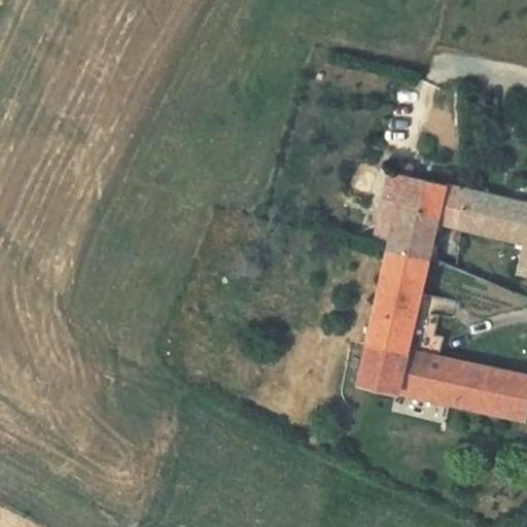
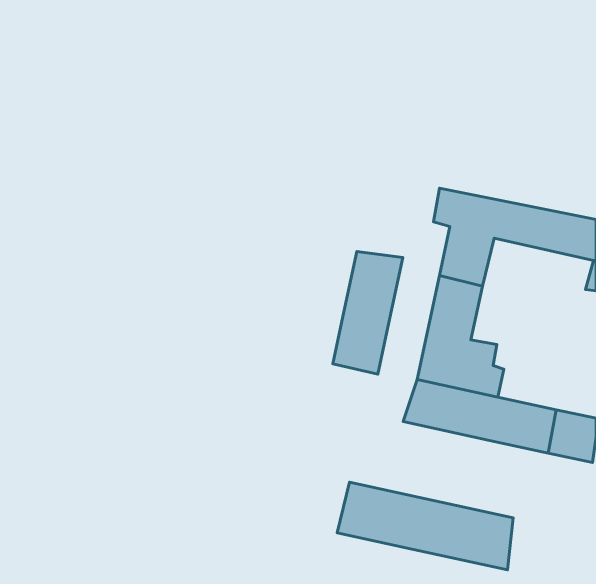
building: none -> [333,252,403,374]
building: none -> [337,482,513,570]

